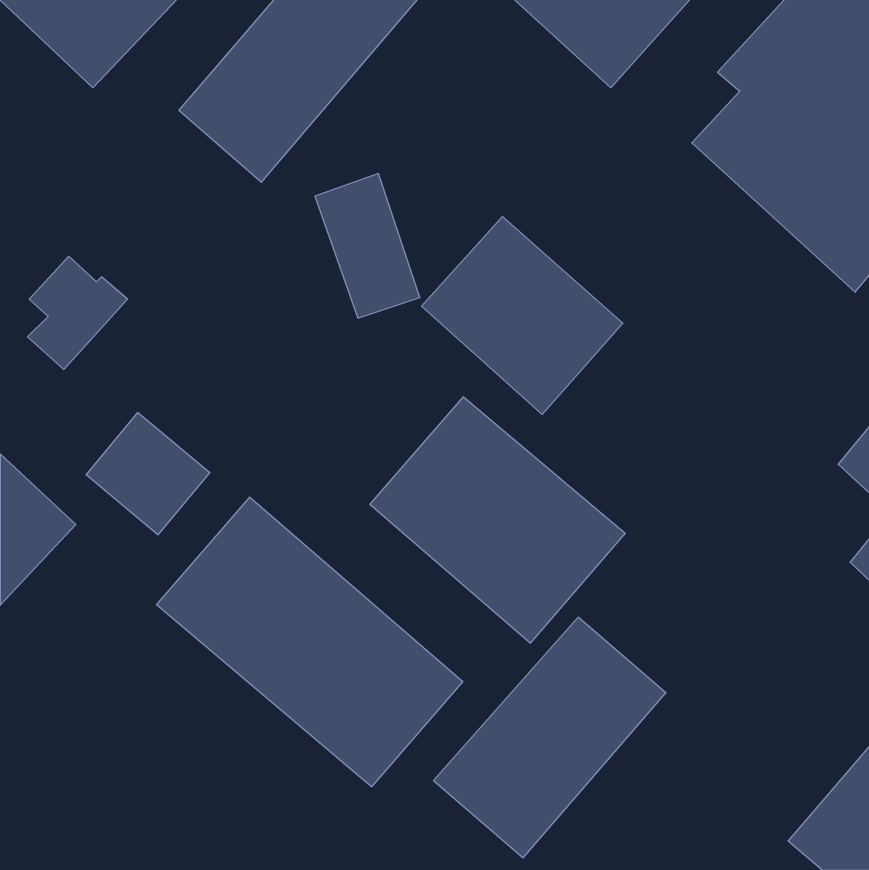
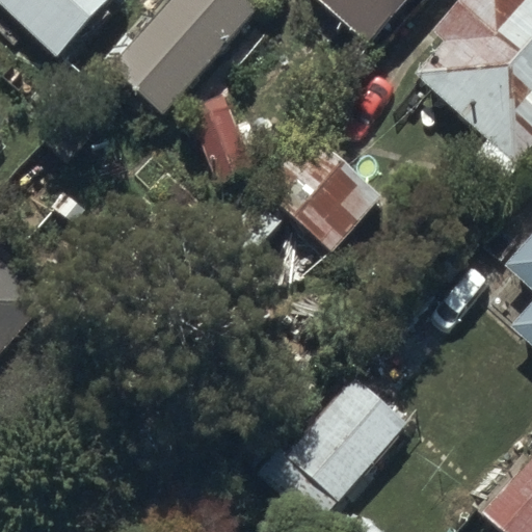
building: [370,397,625,643] -> none
building: [157,497,463,787] -> none

